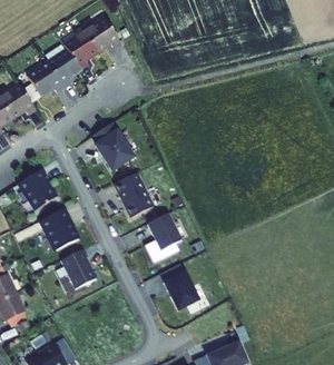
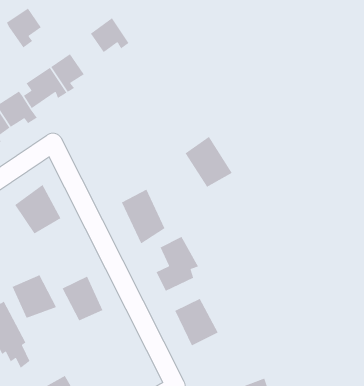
building: [65,32,97,69] -> [6,8,42,49]
building: [92,125,136,171] -> [184,136,233,188]
building: [39,210,80,250] -> [11,274,57,319]

